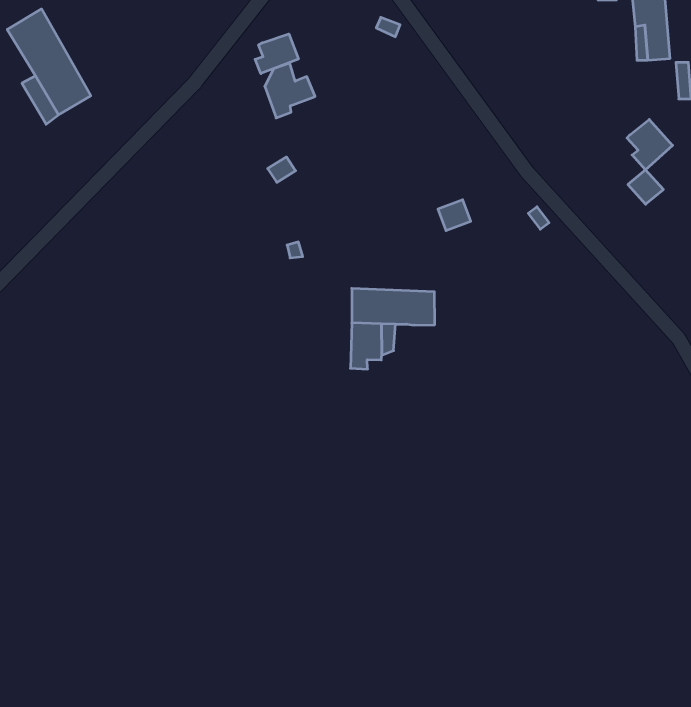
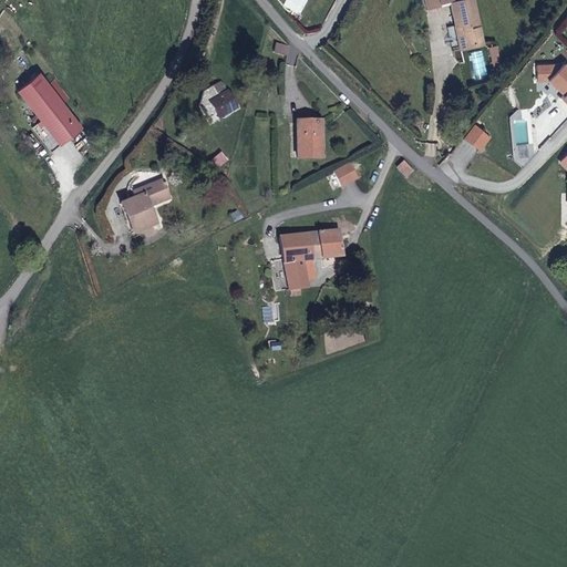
building: [255,34,298,74] -> none
building: [627,119,673,170] -> none
building: none -> [299,120,323,157]
building: none -> [120,178,172,235]

